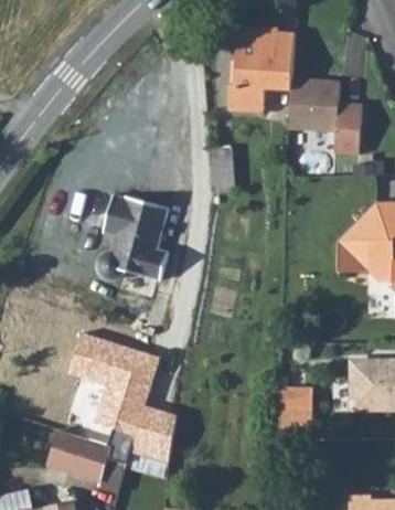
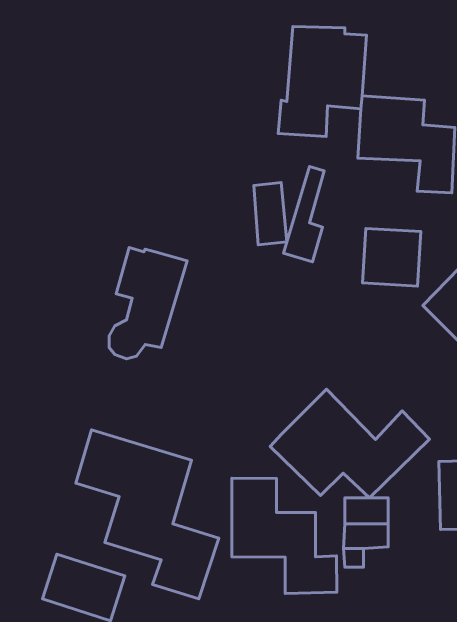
building: none -> [363,228,421,286]
building: [137,205,168,278] -> [284,166,324,262]
building: none -> [270,389,430,498]
building: none -> [232,478,337,594]

